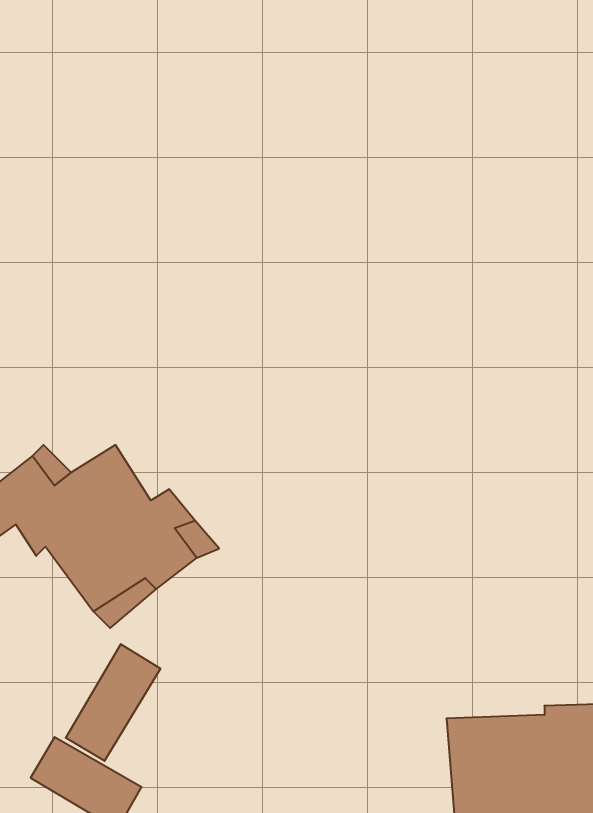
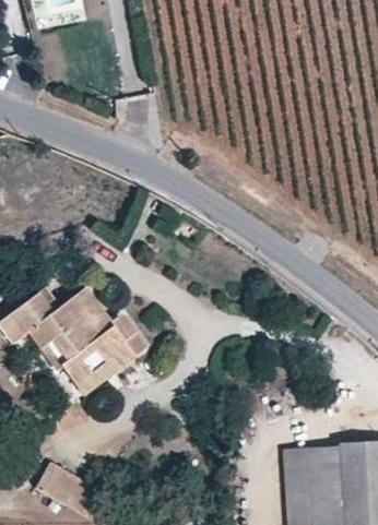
building: [66,644,160,761] -> none

